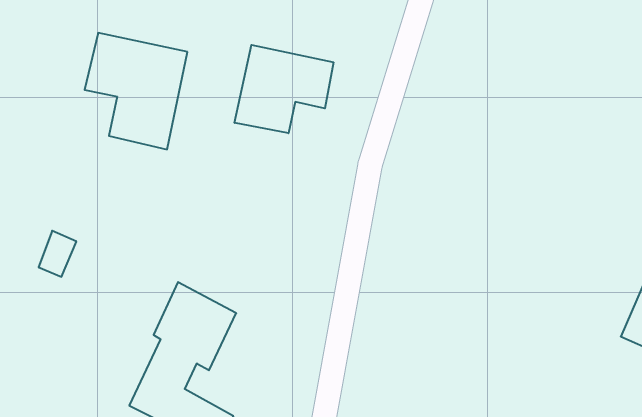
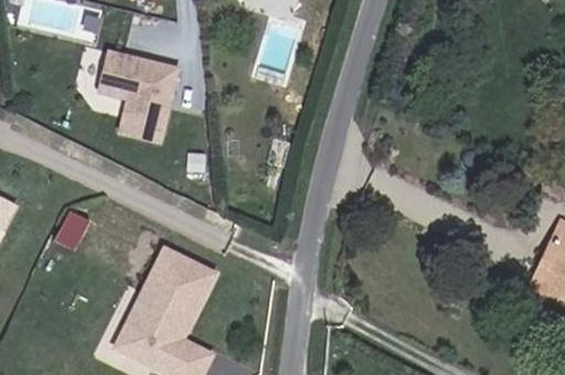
building: [235,45,333,133] -> none

